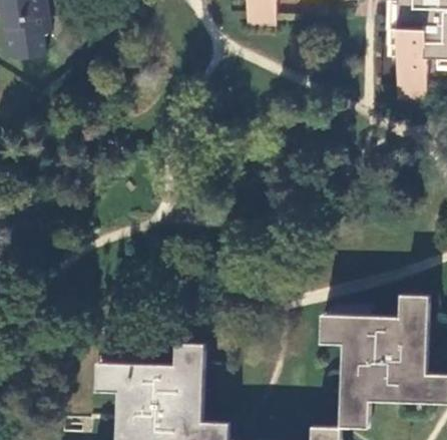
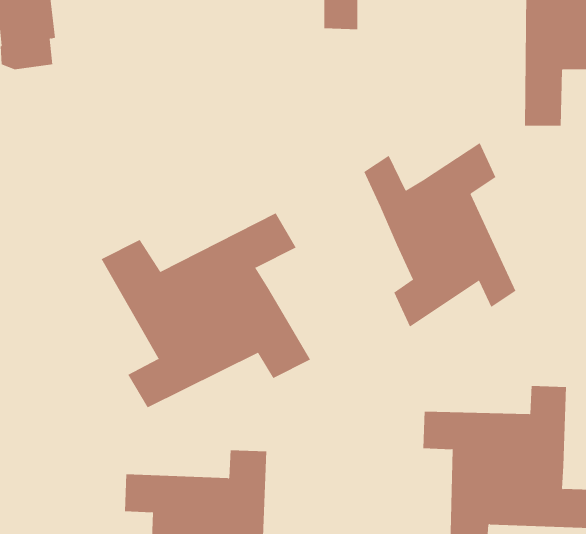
building: none -> [364,142,516,327]
building: none -> [101,213,311,408]

